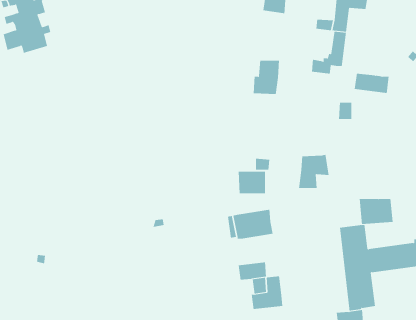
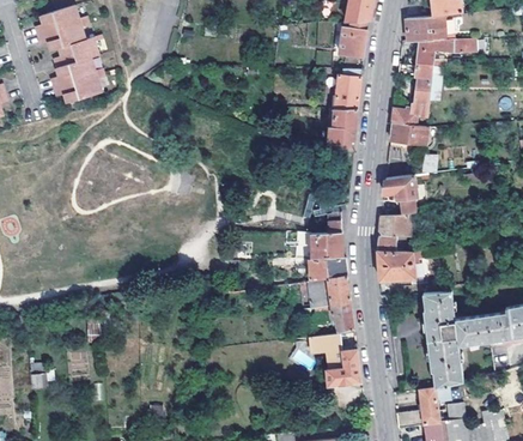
building: none -> [334,68,361,109]
building: [354,73,390,94] -> [389,122,428,145]
building: none -> [383,175,418,215]
building: none -> [272,256,346,280]
building: [359,199,393,224] -> [377,252,415,280]
building: none -> [314,302,354,331]

